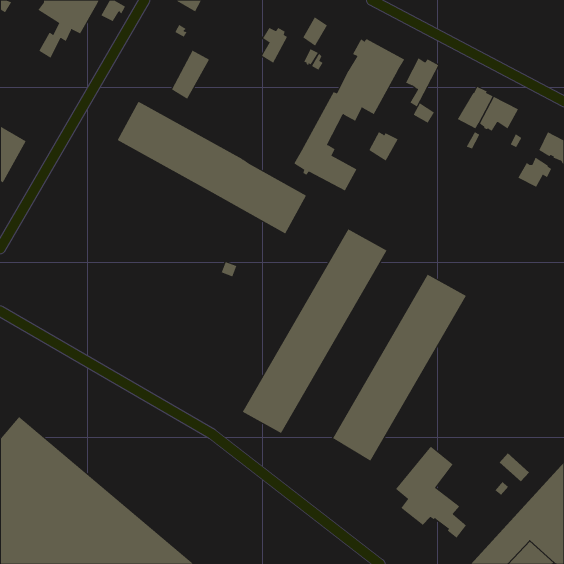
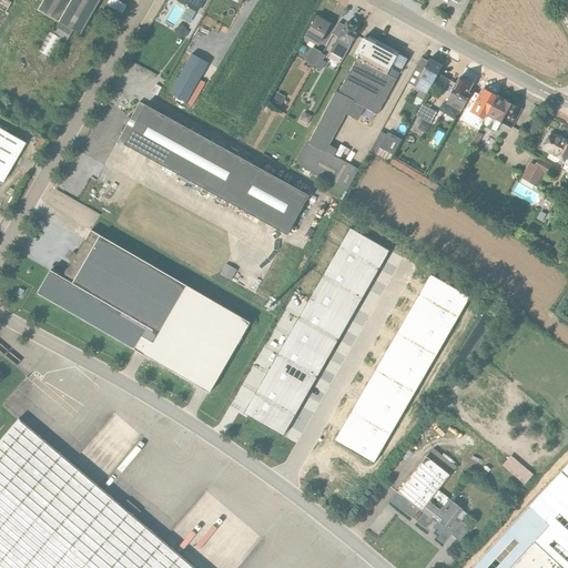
building: [261,27,288,63] -> [331,23,357,60]
building: none -> [445,77,473,113]
building: none -> [37,231,250,393]

